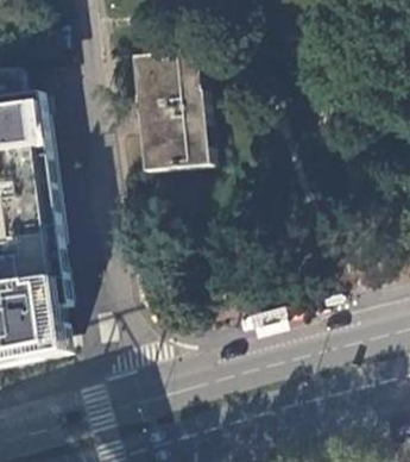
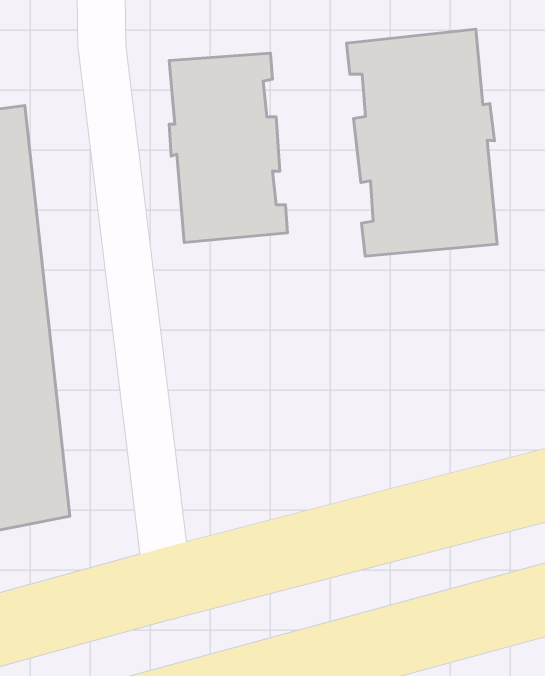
building: none -> [347,29,497,256]

